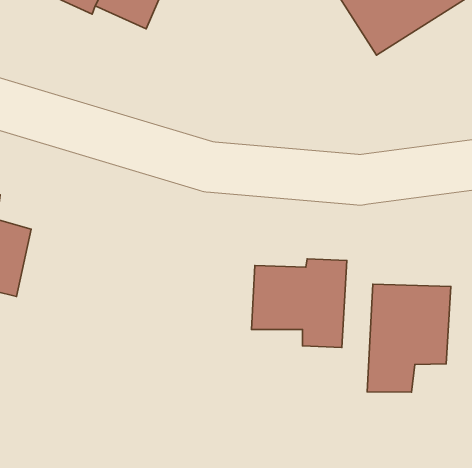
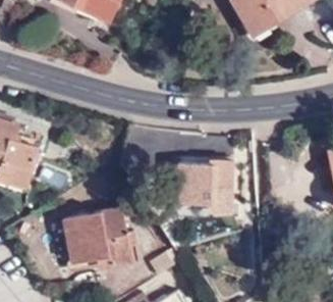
building: [367,284,451,392] -> none
building: none -> [67,213,133,272]

